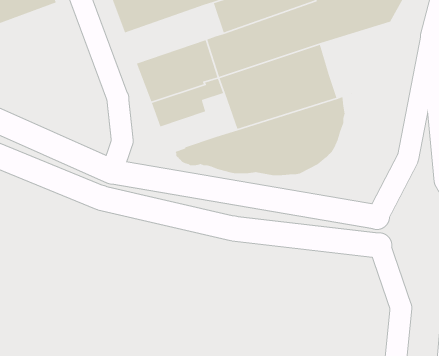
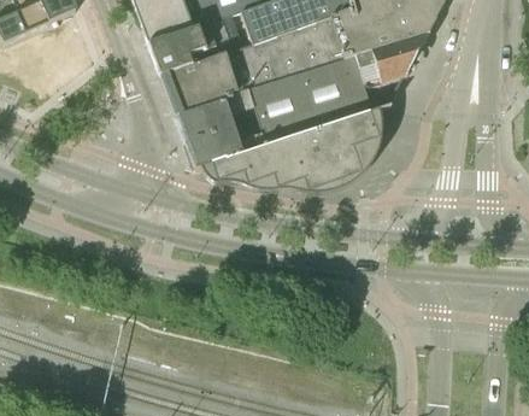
building: none -> [147,11,243,72]
building: none -> [355,29,430,84]
building: none -> [184,124,243,169]

